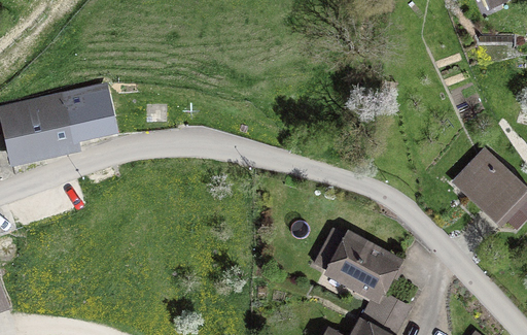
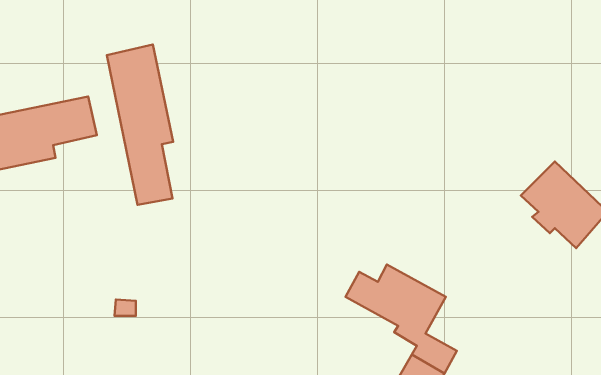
building: none -> [107,44,173,205]

